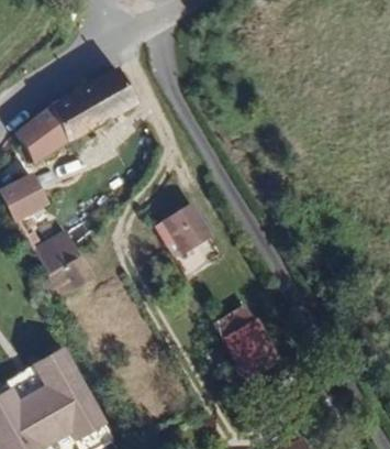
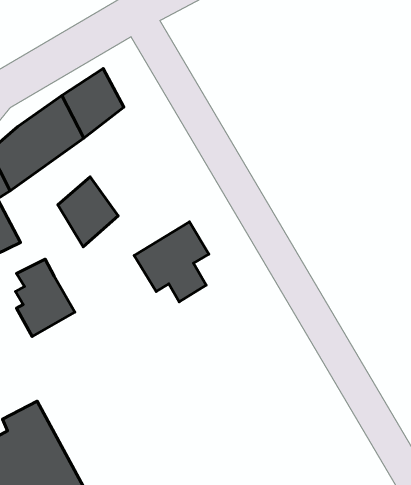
building: none -> [58,177,118,247]
building: [221,316,272,372] -> none

